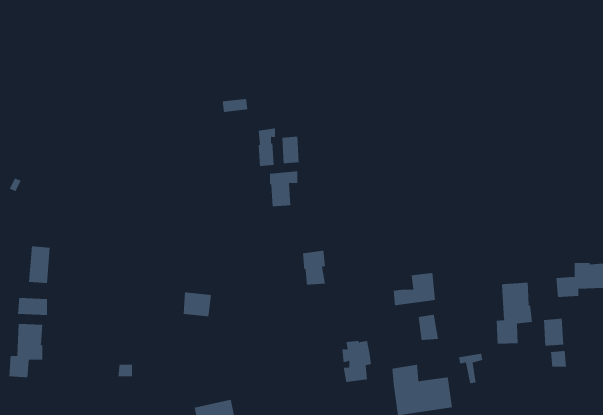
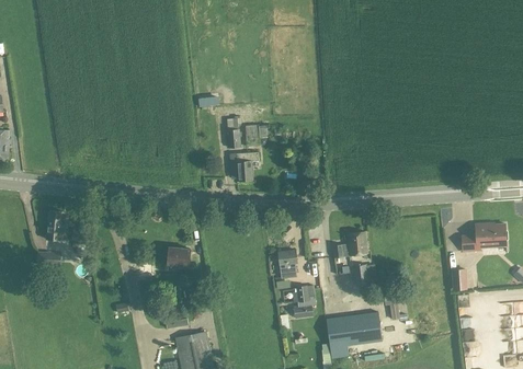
building: [302,250,326,285] -> [276,251,295,278]
building: [494,282,532,344] -> none
building: [9,323,43,378] -> none

